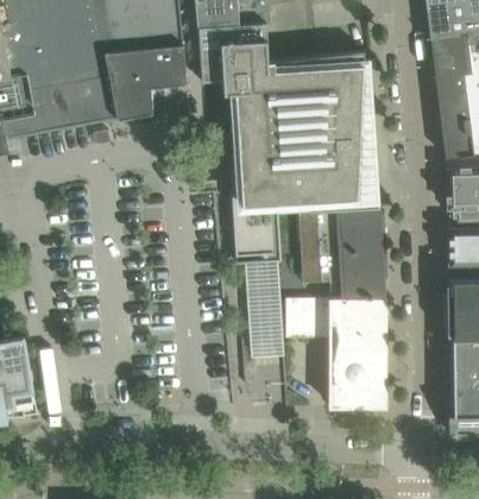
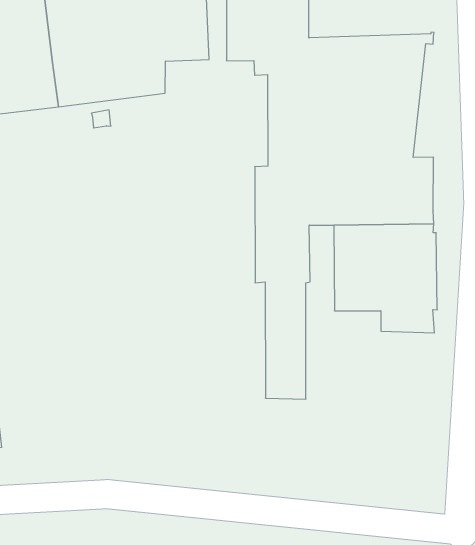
building: [286,295,386,405] -> none

